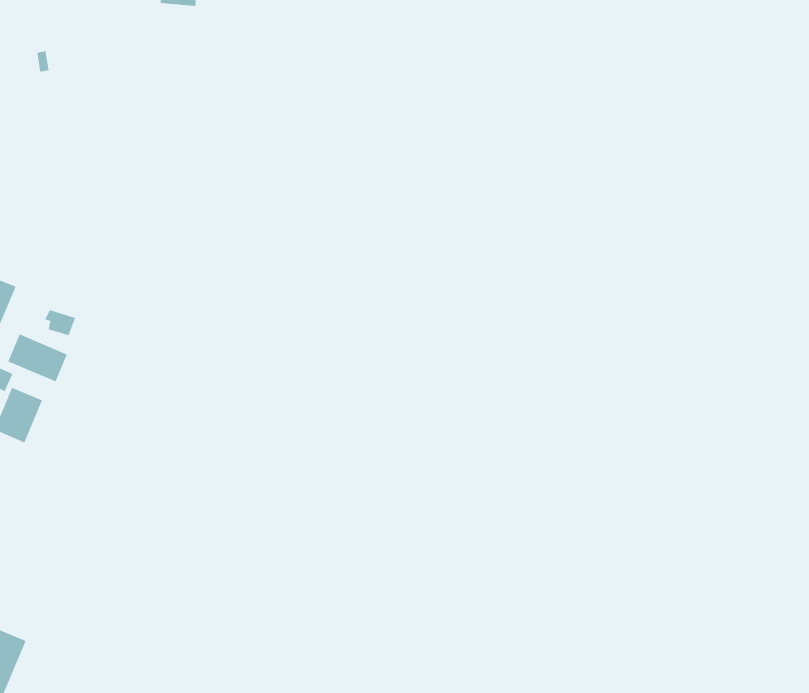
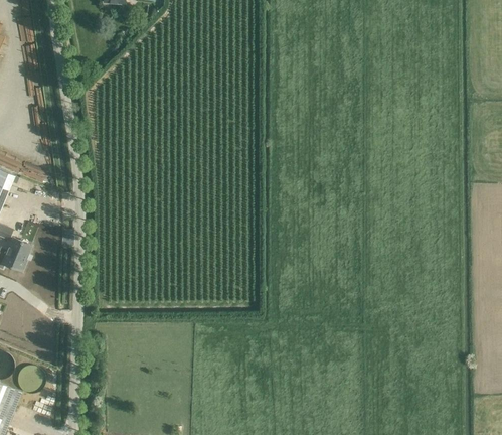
building: [8,334,68,382] -> none

